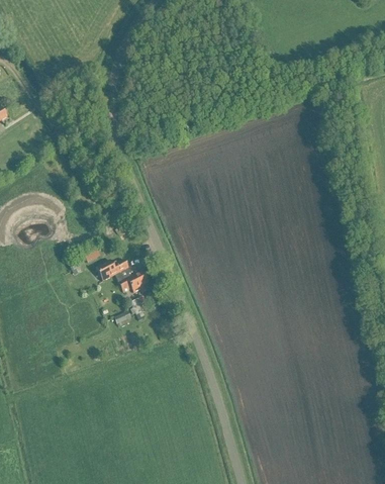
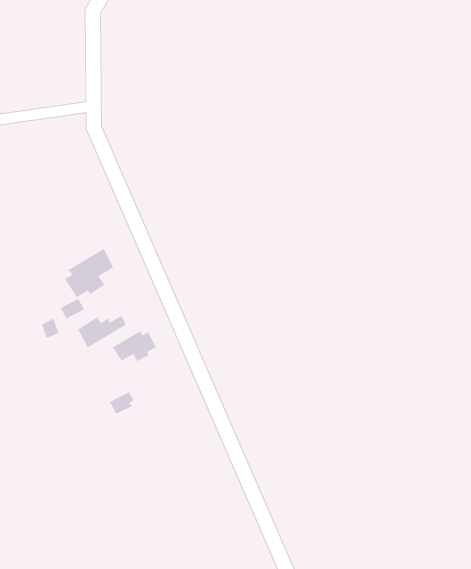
building: none -> [64,248,114,298]

